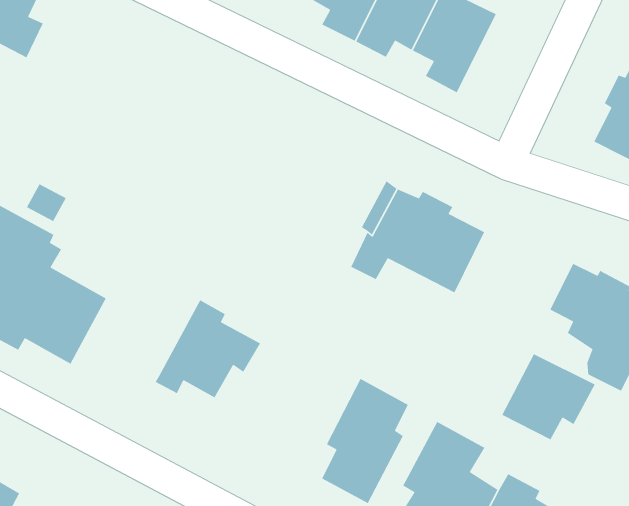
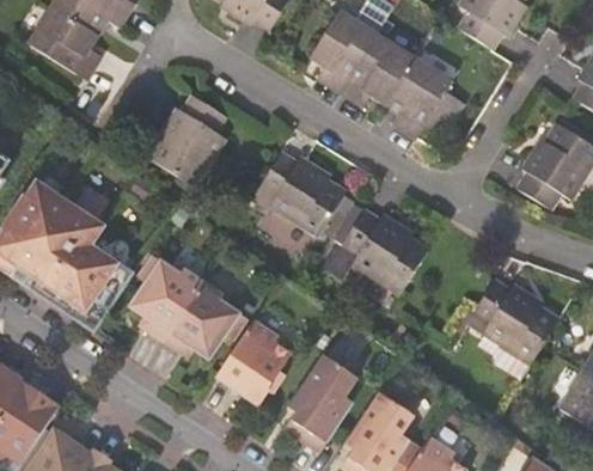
building: none -> [148,93,224,185]
building: none -> [253,152,342,233]
building: none -> [129,255,203,341]
building: none -> [216,318,292,404]
building: [501,353,596,441] -> none

